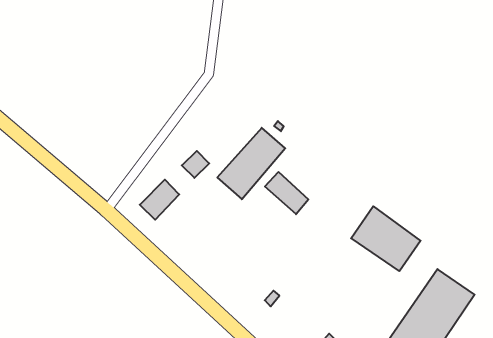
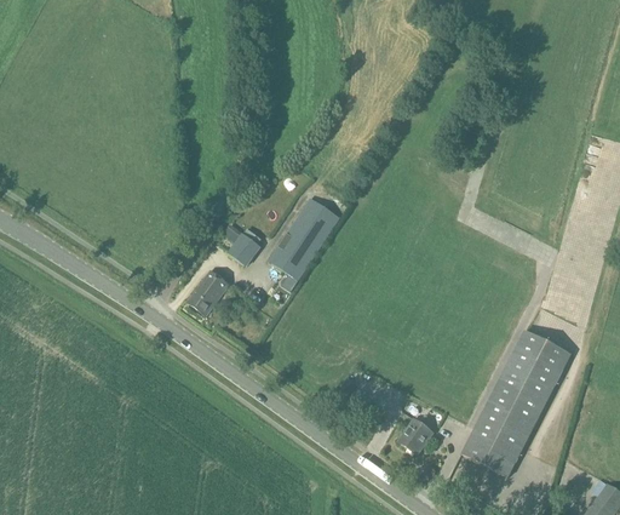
building: [265,172,308,214] -> none
building: [351,206,421,271] -> none

